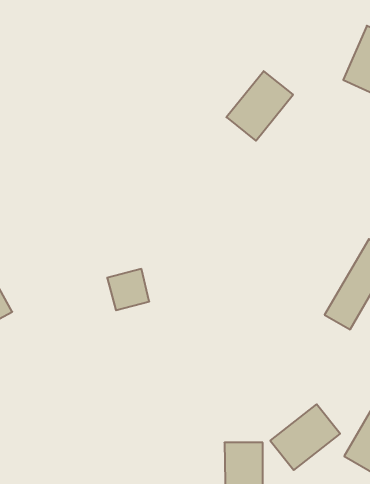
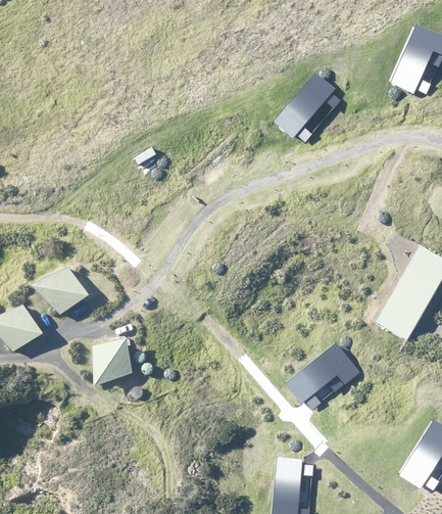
building: none -> [43,261,92,309]
building: [107,269,149,310] -> [93,331,137,374]
building: [270,404,340,470] -> [283,344,355,413]

